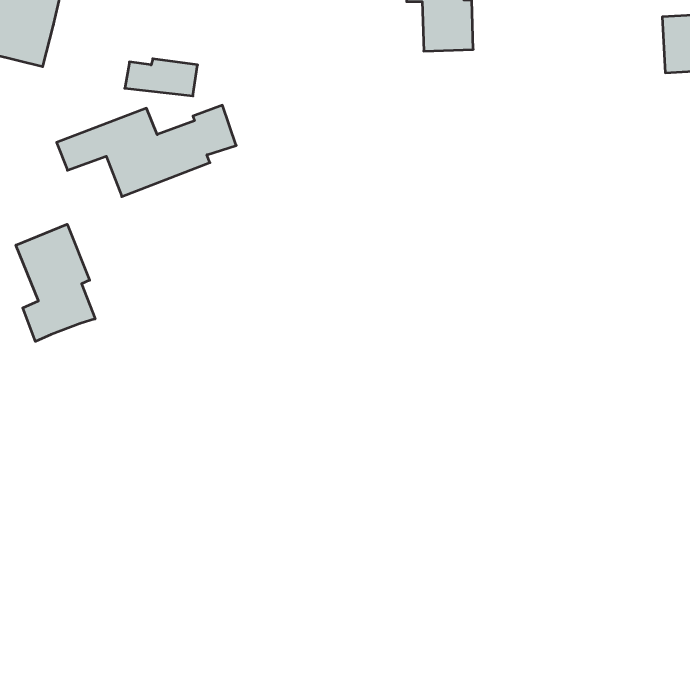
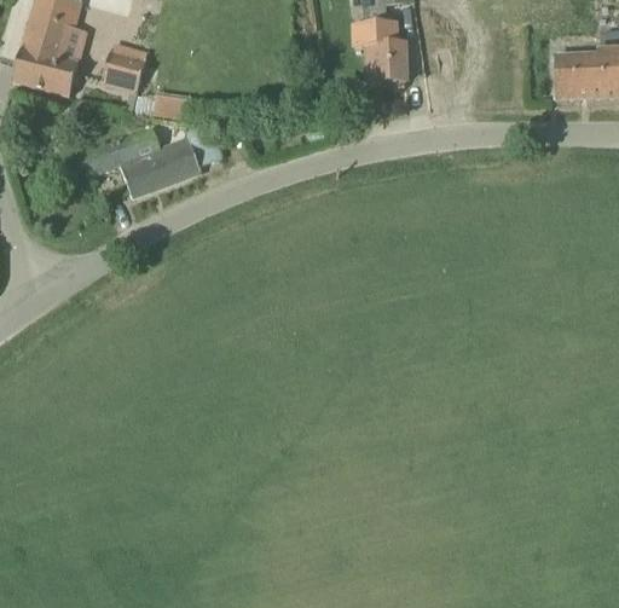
building: none -> [102,51,145,92]
building: [16,224,95,341] -> none

